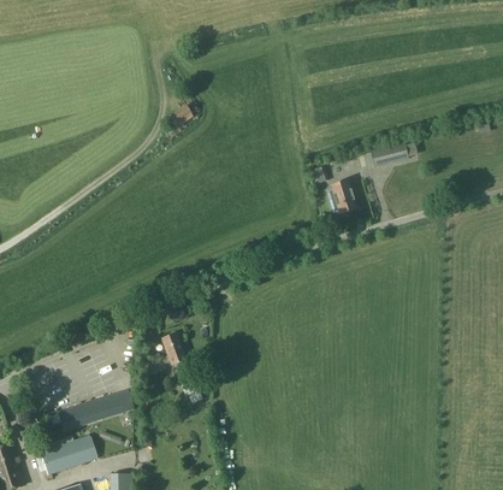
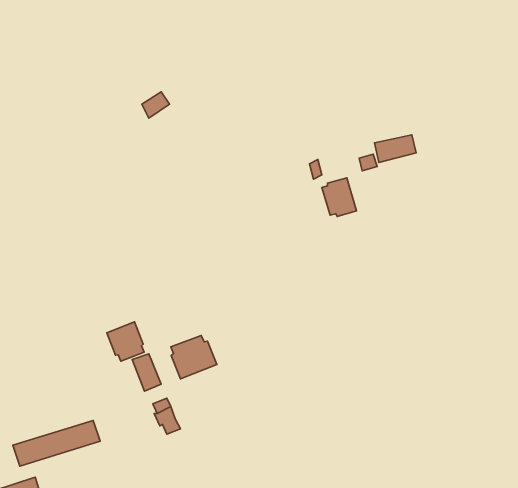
building: none -> [107,322,144,361]
building: none -> [171,335,217,379]

